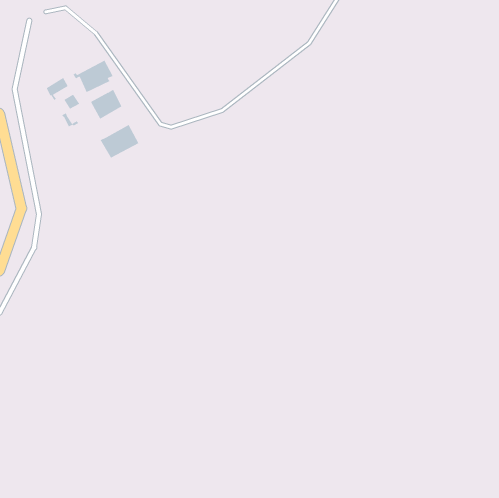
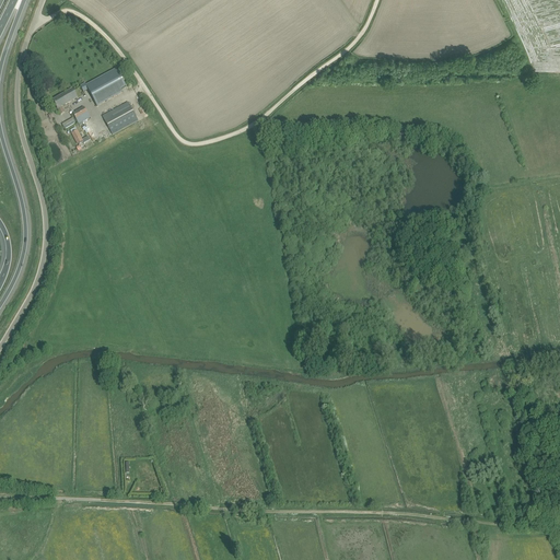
building: [100,124,139,158] -> none

